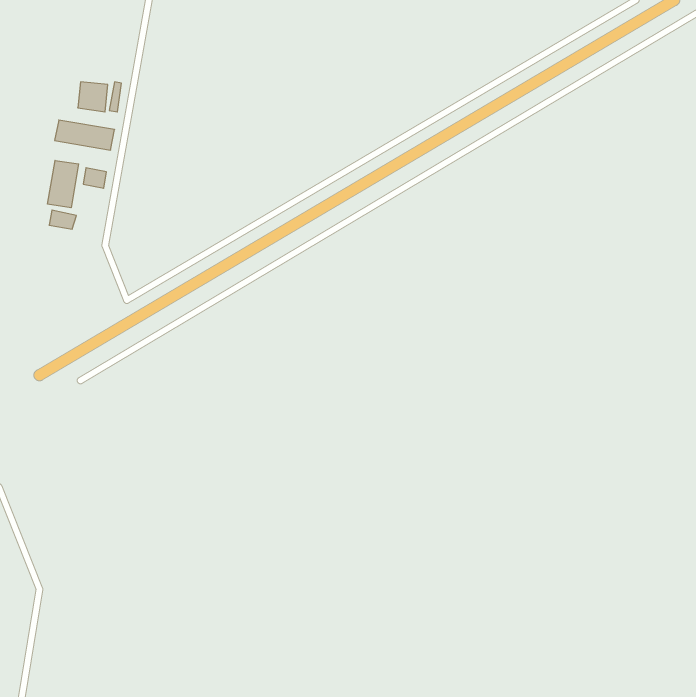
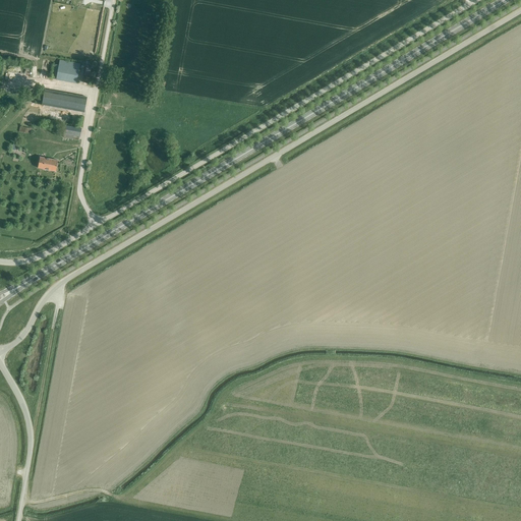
building: [48,160,79,208] -> none

